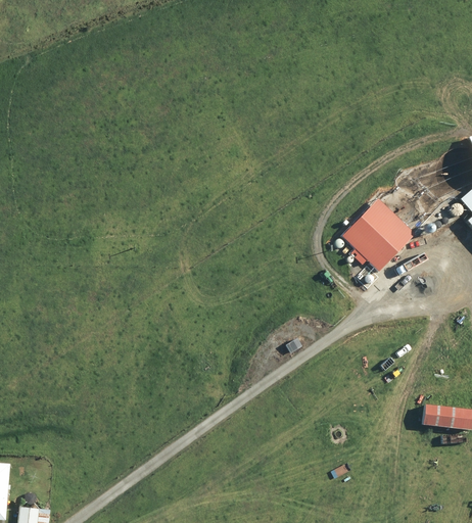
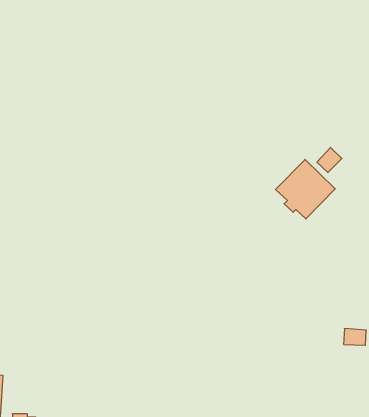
building: none -> [317,147,342,172]

